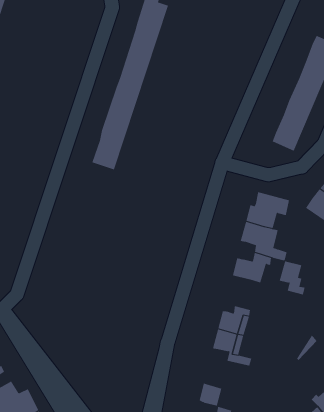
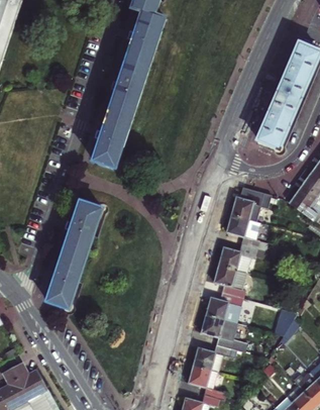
building: none -> [46,203,101,311]
building: [279,261,306,295] -> [216,265,240,296]
building: none -> [195,342,237,370]

